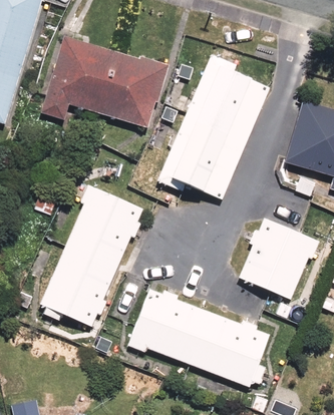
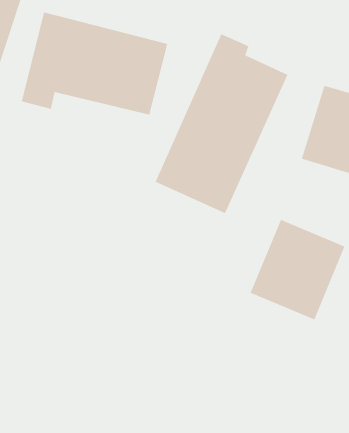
building: [40,182,147,329] -> none
building: [128,289,268,387] -> none

